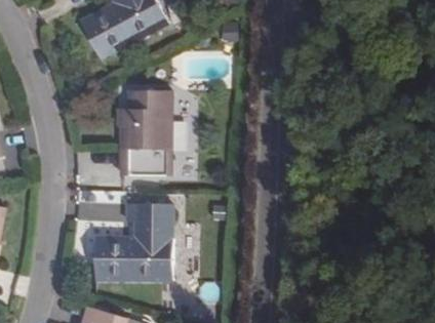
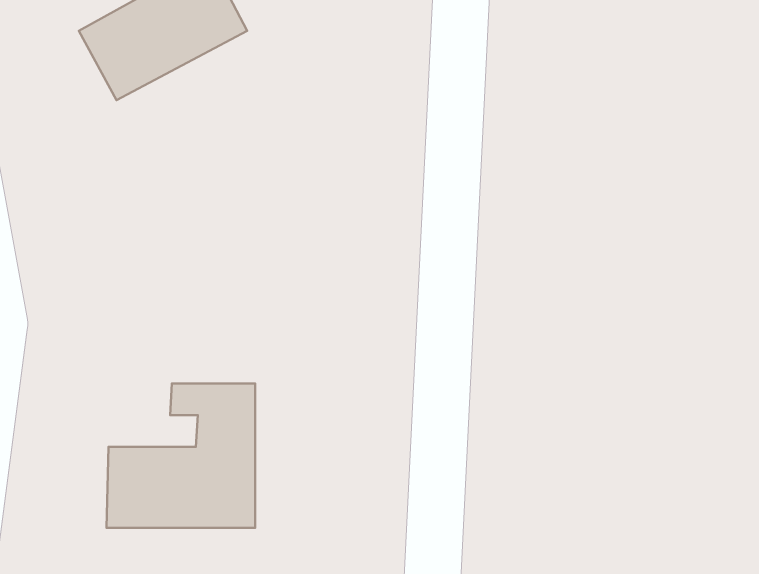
building: [123,91,172,176] -> none

